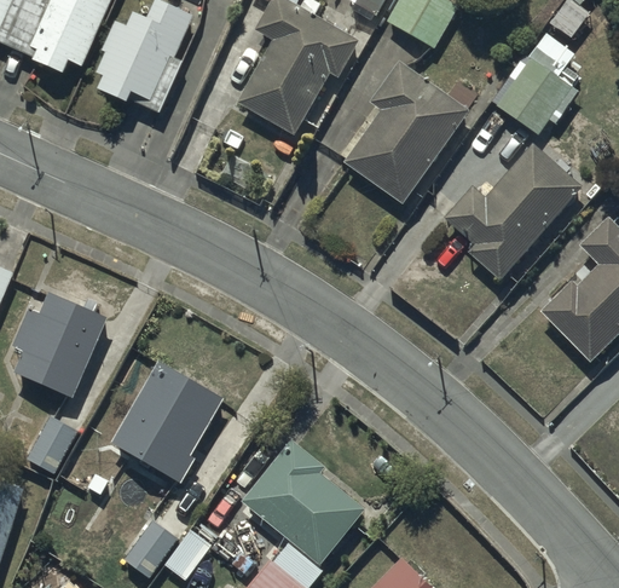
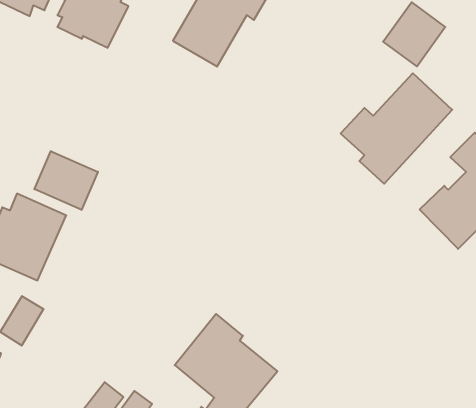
building: [342,59,468,202] -> none
building: none -> [34,151,98,210]
building: [112,359,225,482] -> none

